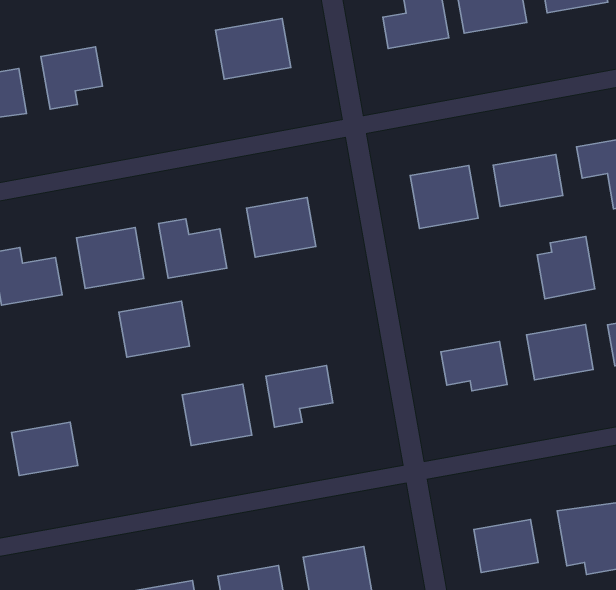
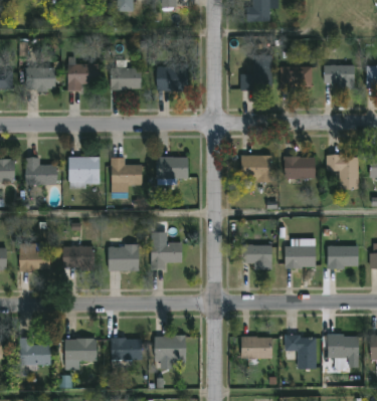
building: none -> [111,67,142,89]
building: [537,237,595,299] -> none
building: [119,301,189,357] -> [63,246,96,269]

